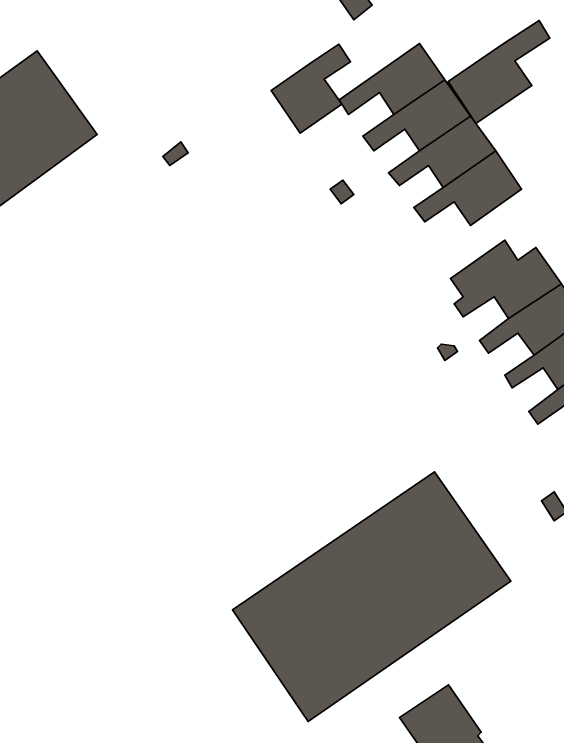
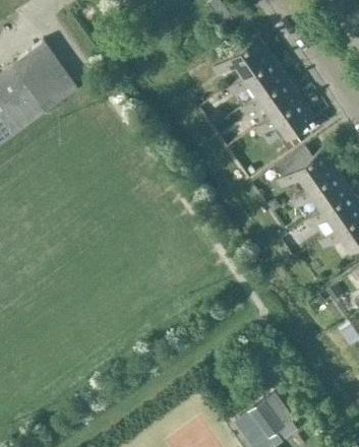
building: [448,21,550,124] -> none
building: [271,44,350,133] -> none
building: [233,472,511,721] -> none

